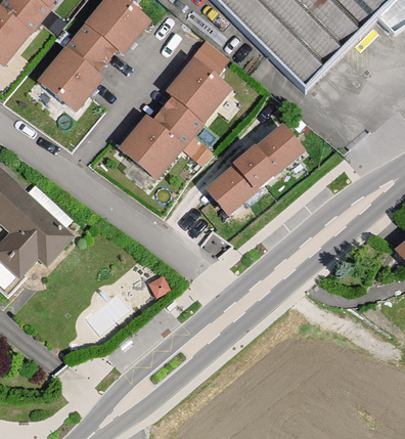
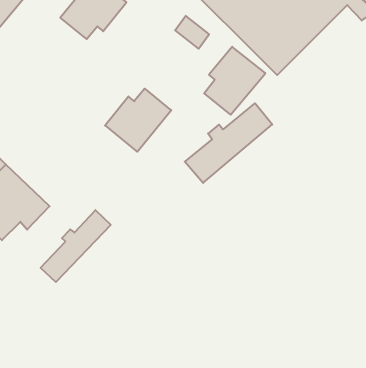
building: [40,35,104,106] -> none
building: [166,60,230,132] -> [204,47,265,115]
building: none -> [41,210,111,282]

